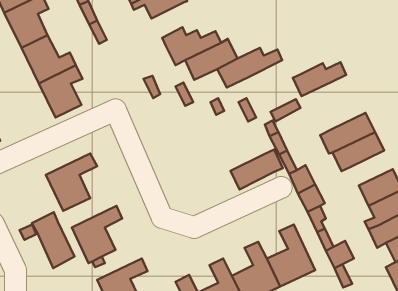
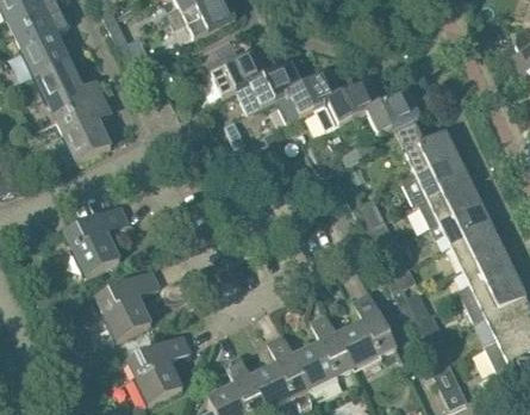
building: none -> [394,120,457,174]
building: [231,150,283,189] -> [314,83,379,132]
building: none -> [428,200,491,243]
building: [32,212,75,268] -> none

